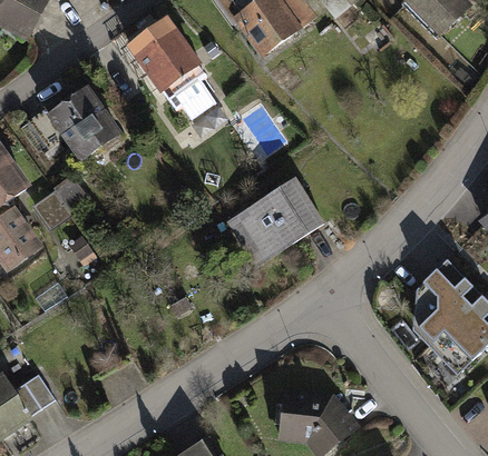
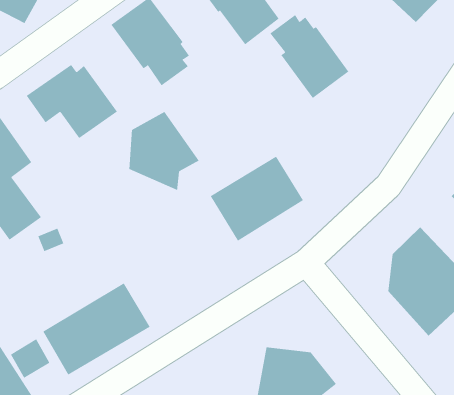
building: none -> [270,14,349,99]
building: none -> [129,111,199,191]
building: [39,177,94,224] -> none
building: none -> [43,283,150,375]

